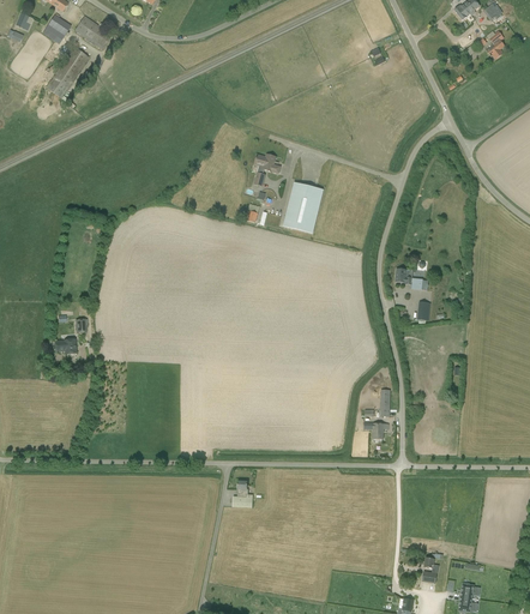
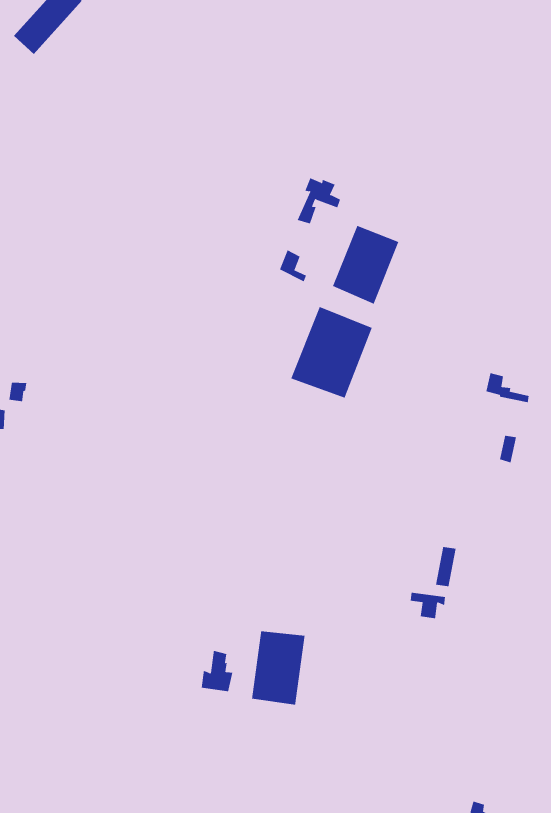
building: none -> [291,306,372,398]
building: none -> [252,631,305,706]

